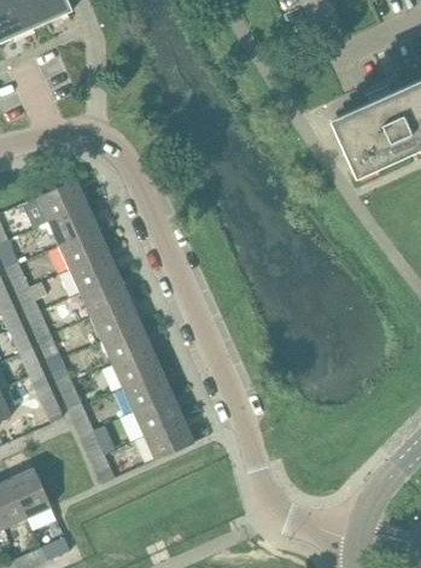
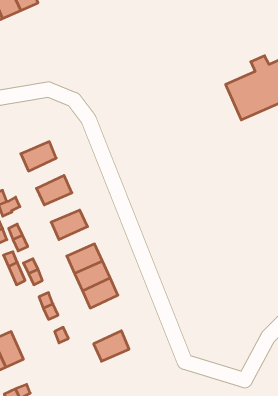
building: [36,178,87,221] -> none
building: [58,227,107,269] -> none
building: [80,275,129,316] -> none
building: [100,322,150,363] -> none
building: [144,417,193,459] -> [94,331,129,361]

